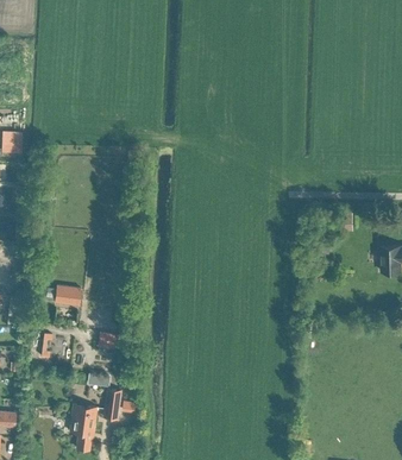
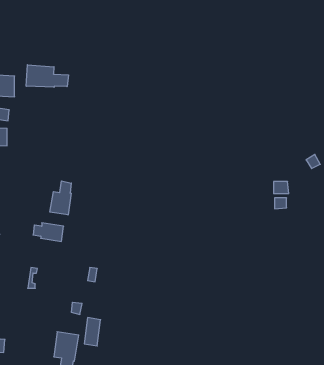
building: none -> [26,65,68,87]
building: none -> [50,181,71,215]

